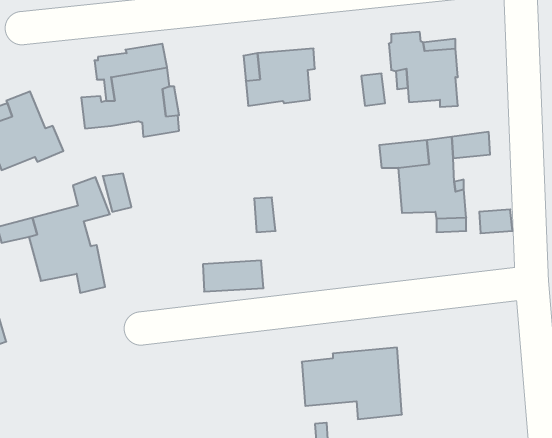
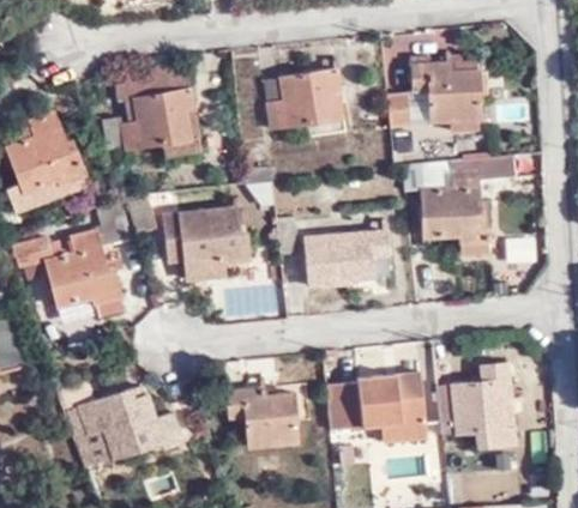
building: none -> [164,210,249,283]
building: none -> [307,230,391,288]
building: none -> [436,364,511,435]
building: none -> [59,385,185,456]
building: none -> [227,389,297,450]

